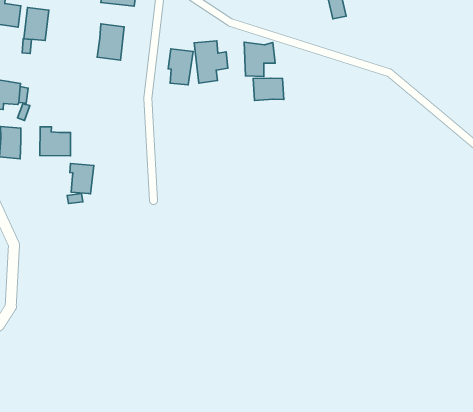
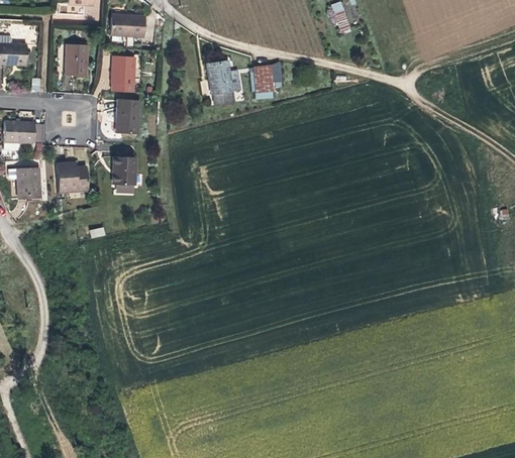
building: [24,7,49,41] -> [66,44,88,76]
building: [168,49,193,85] -> [116,98,139,132]
building: [253,78,284,101] -> none
building: [70,163,94,194] -> [113,155,136,184]

